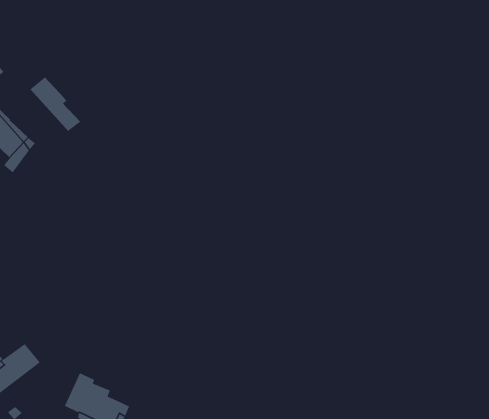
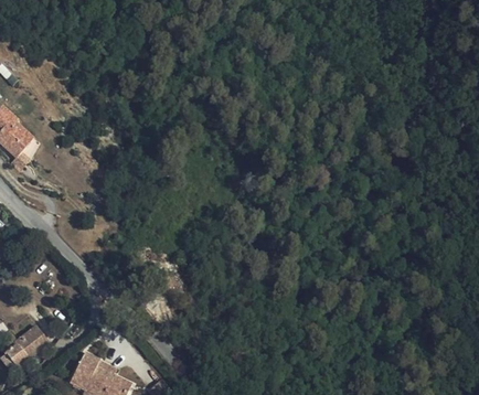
building: [30,76,81,132] -> none

